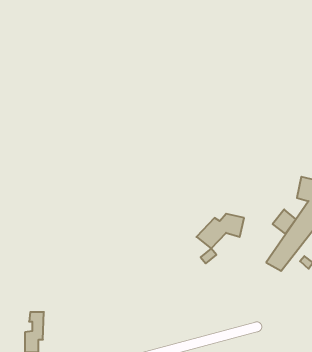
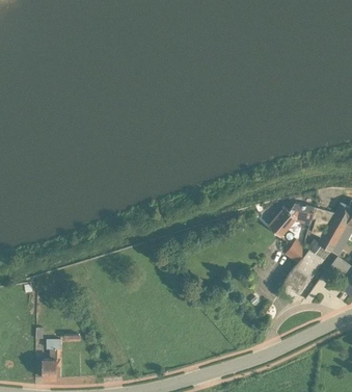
building: [196,214,244,249] -> [266,203,313,237]

